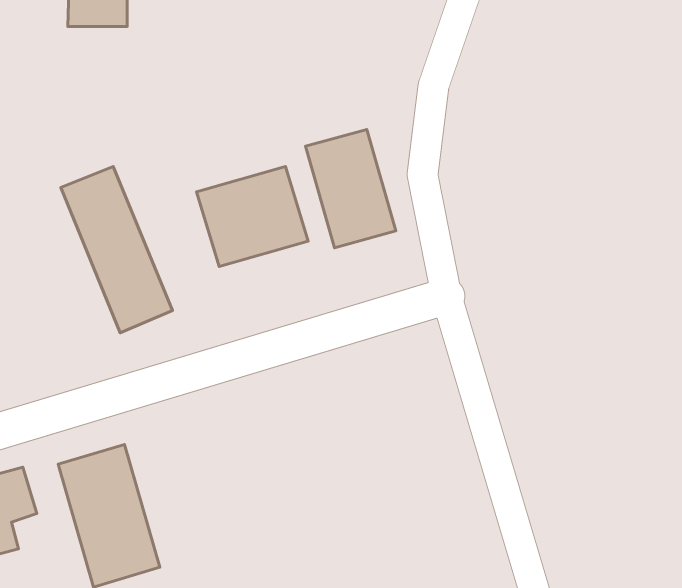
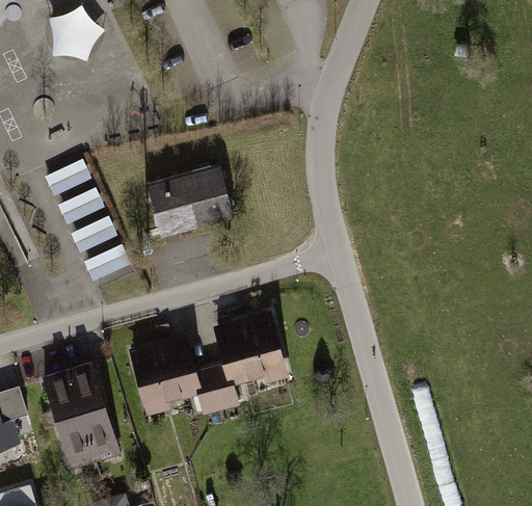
building: [305,129,396,248] -> none
building: none -> [129,315,286,418]

